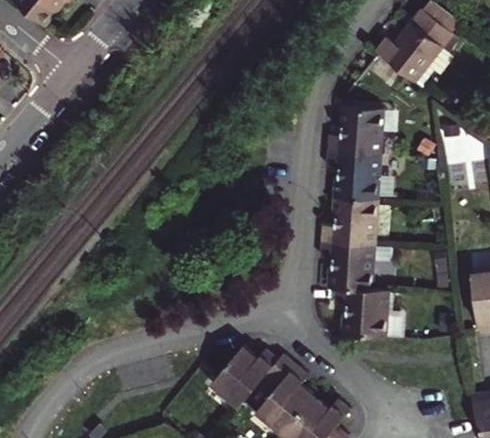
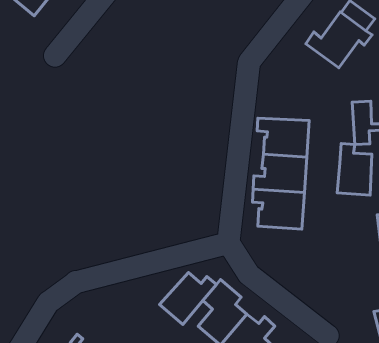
building: [327,104,394,155] -> none
building: none -> [337,143,372,195]
building: [338,288,394,338] -> none

